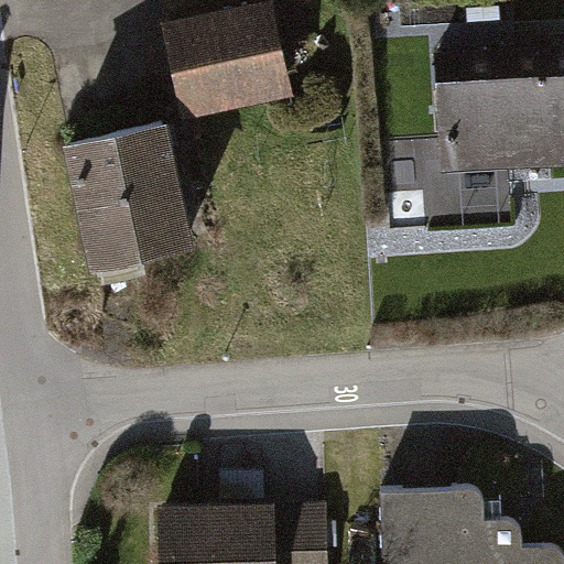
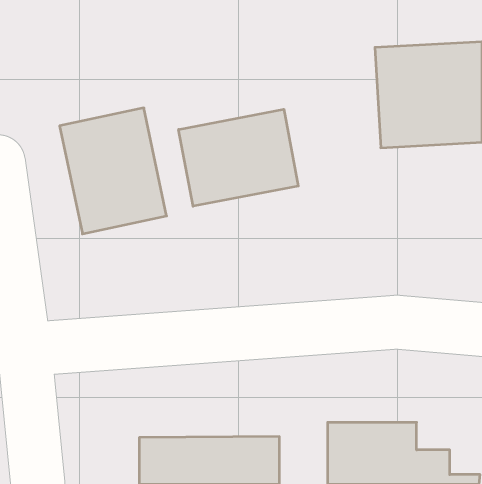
building: [167,6,283,115] -> none
building: none -> [179,109,298,206]

